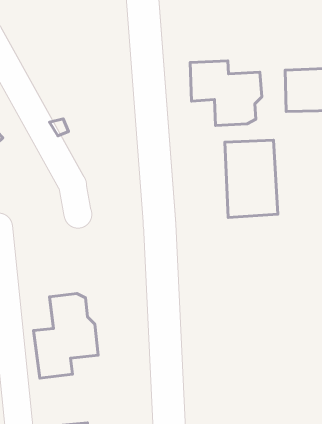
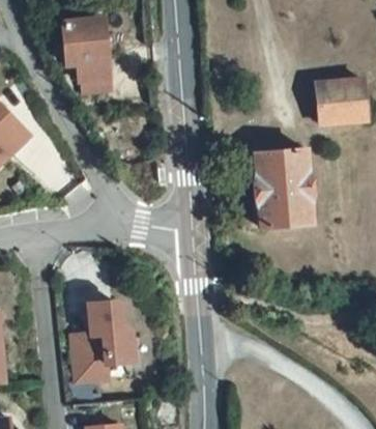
building: none -> [59,16,110,103]
building: [190,61,262,125] -> none

